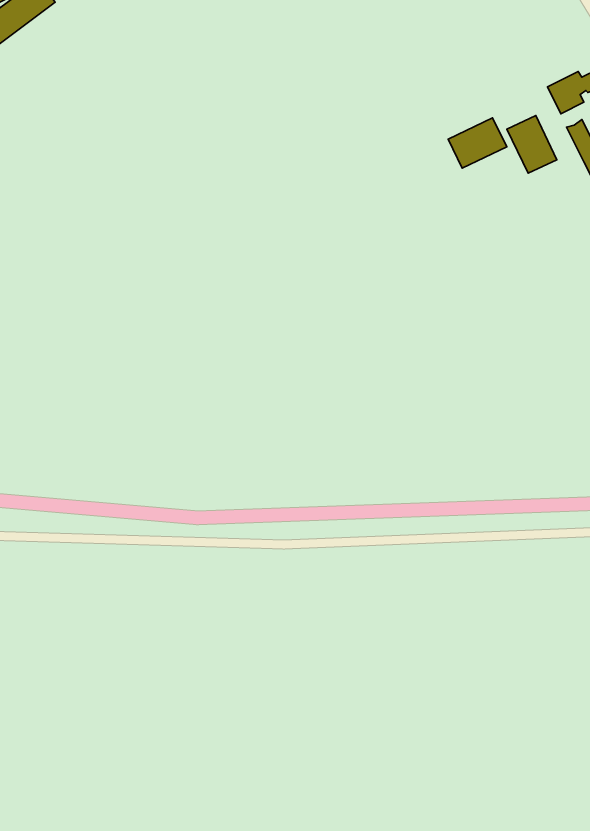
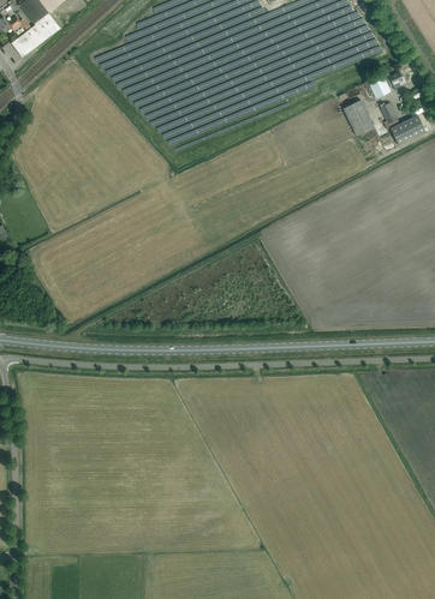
building: [448,118,507,168] -> none

